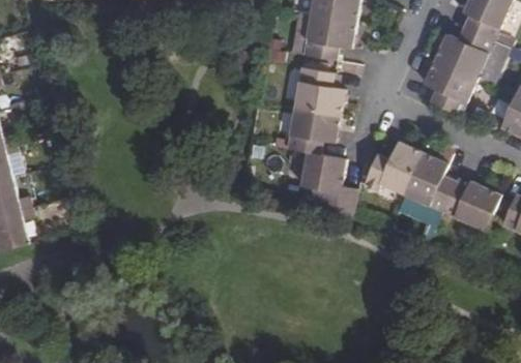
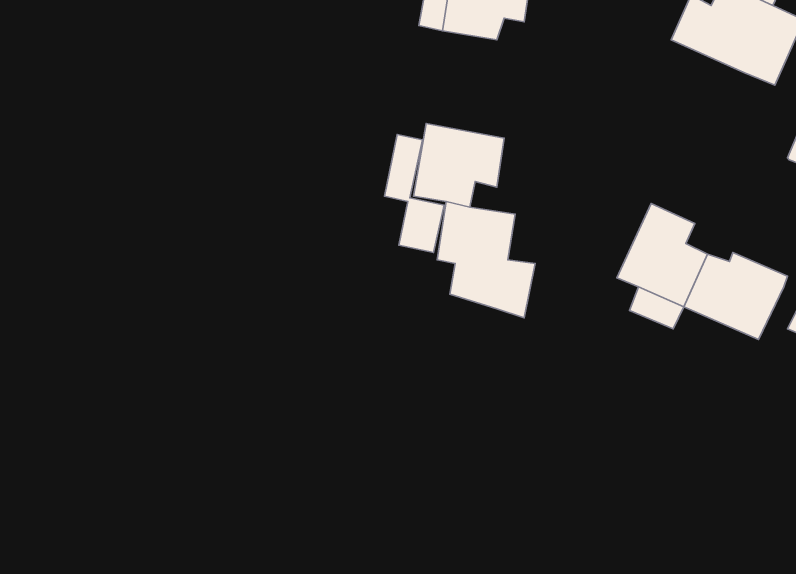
building: [425,58,476,114] -> none
building: [295,66,344,114] -> none
building: [364,141,424,193] -> none

